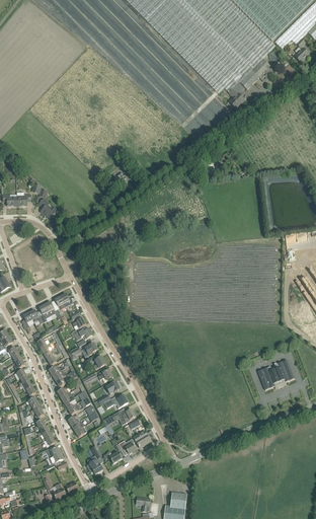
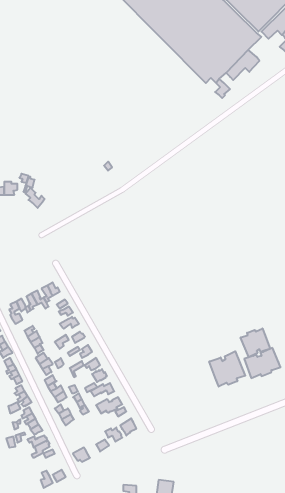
building: none -> [241,328,270,357]
building: none -> [209,351,245,387]

